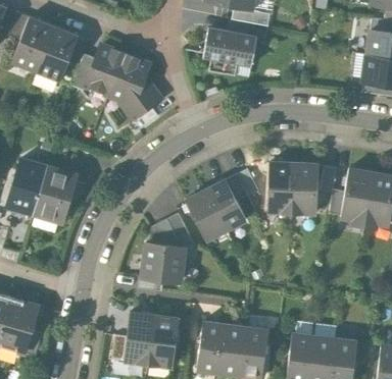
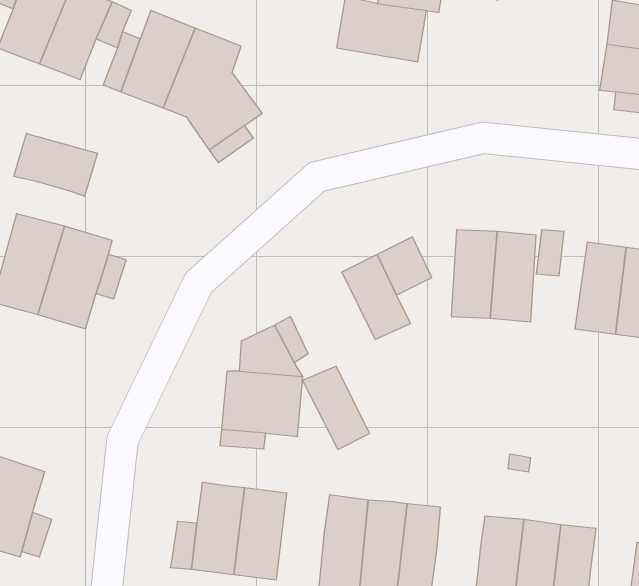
building: none -> [14,133,97,196]
building: [189,190,228,237] -> [303,366,370,449]

